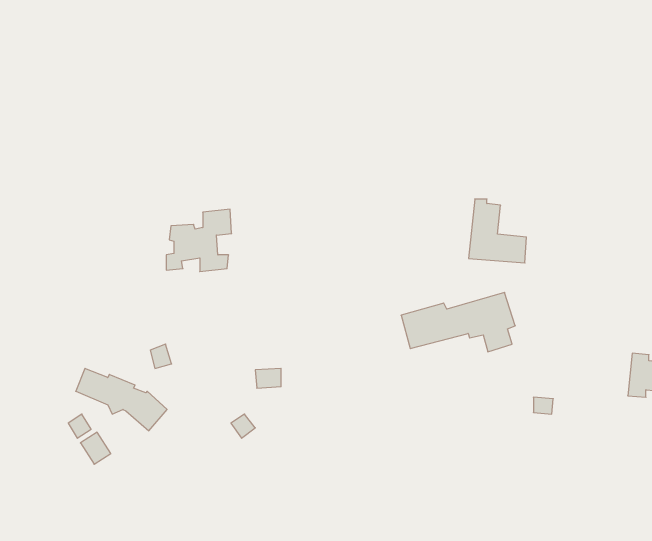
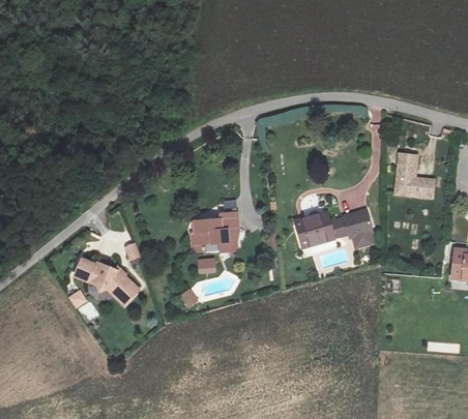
building: [469,199,526,263] -> [394,153,434,197]
building: [166,209,232,272] -> [193,211,237,253]

